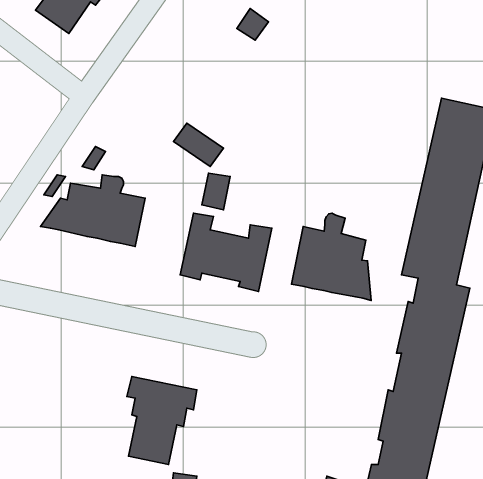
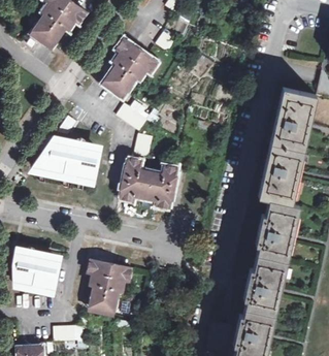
building: none -> [102,38,157,97]
building: [291,213,371,300] -> none
building: none -> [15,246,59,288]

